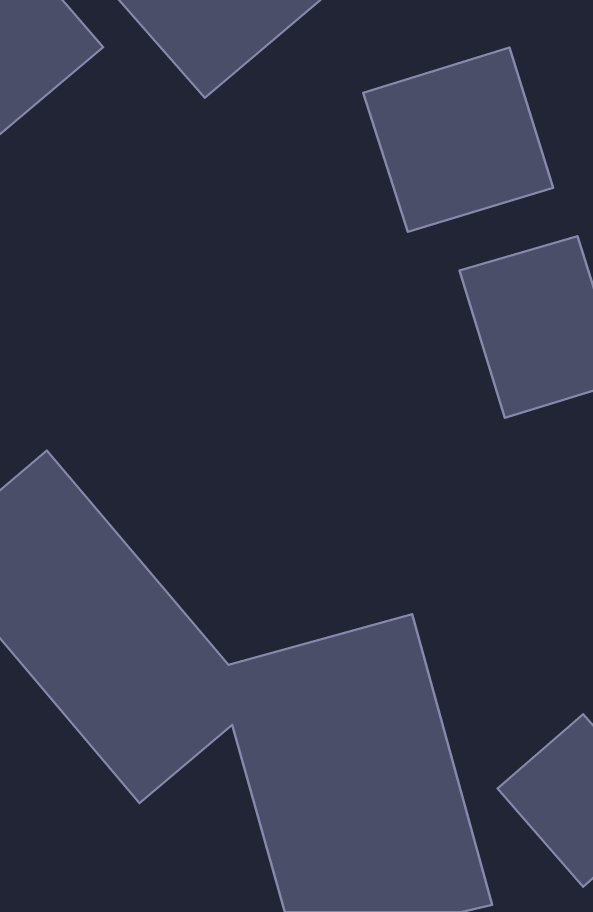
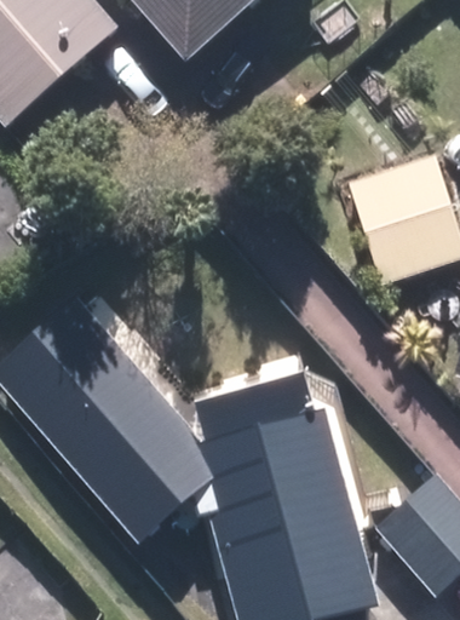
building: [363,47,553,232] -> none

